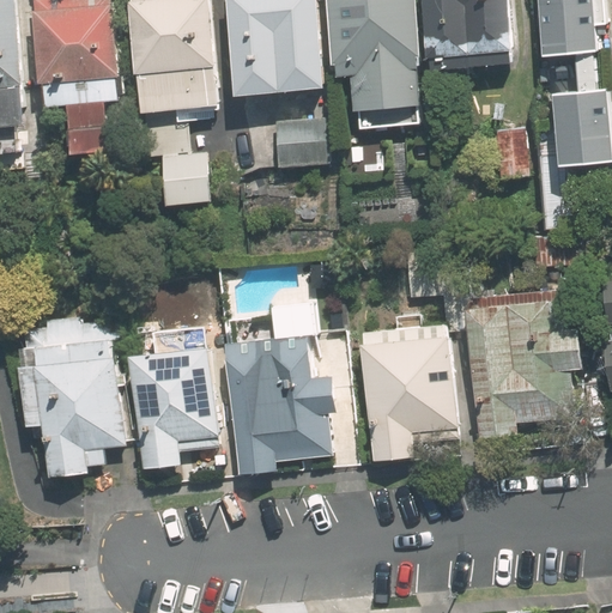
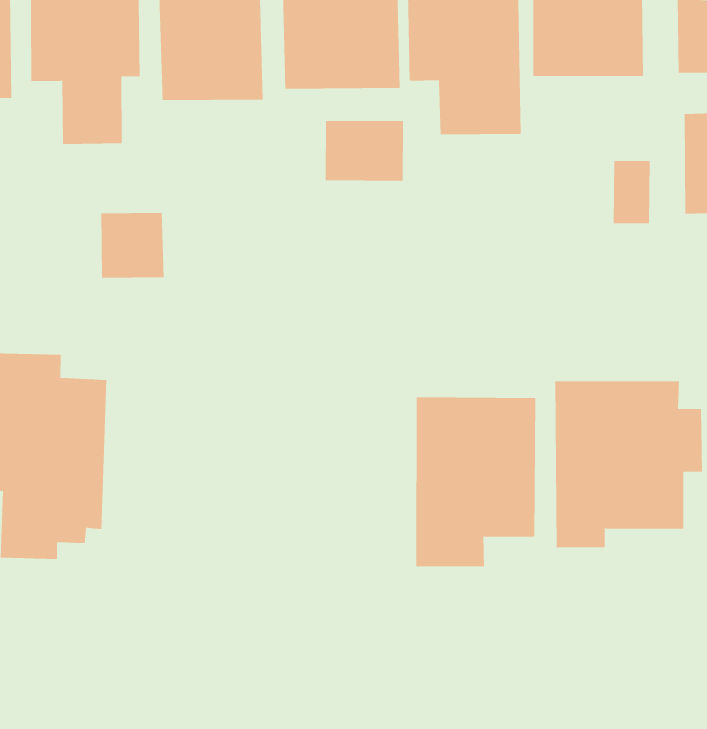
building: [162,151,216,206] -> [101,212,165,278]
building: [220,333,340,477] -> none
building: [126,341,219,475] -> none

